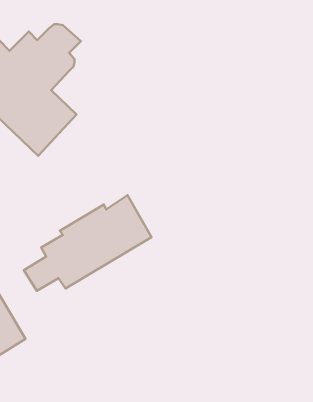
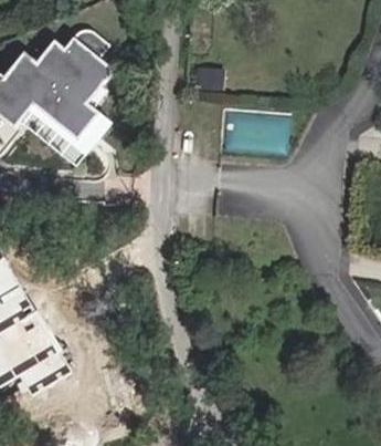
building: [24,195,151,291] -> none

